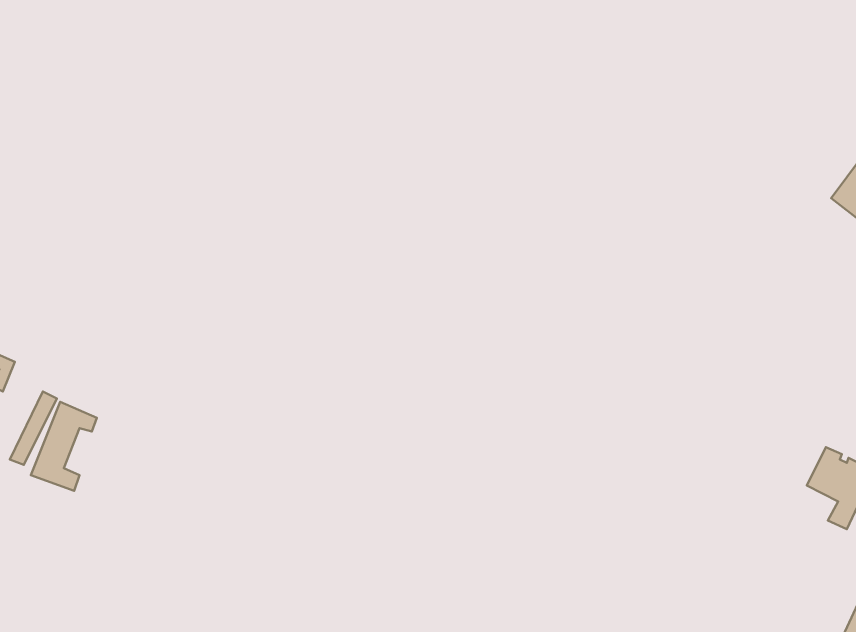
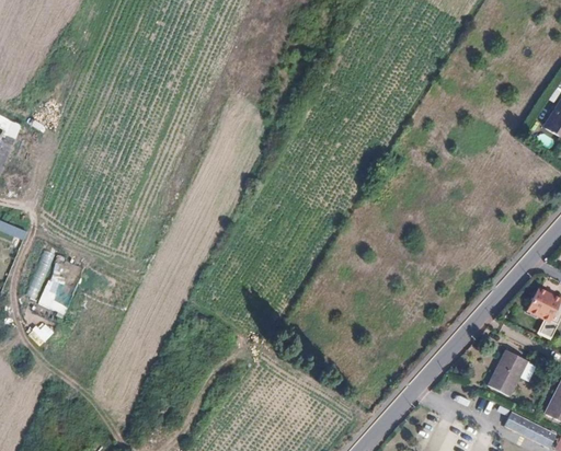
building: none -> [488,349,527,395]

